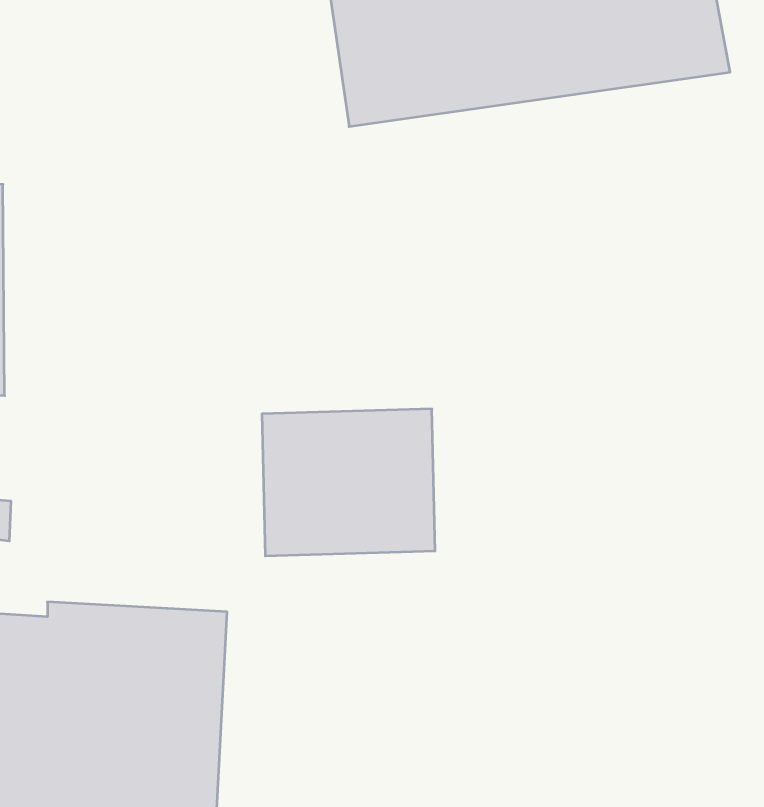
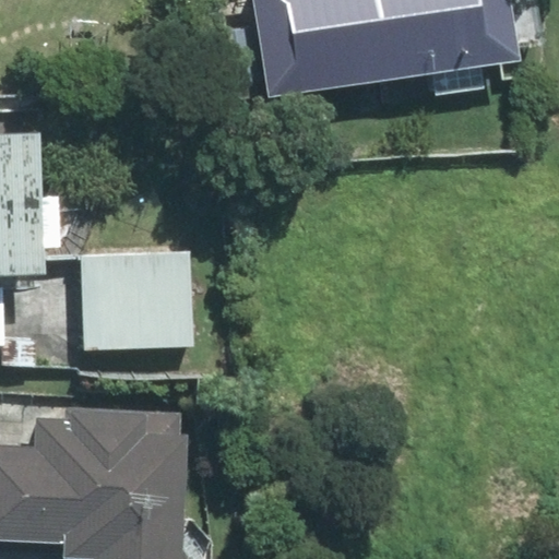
building: [262,409,435,556] -> [84,252,199,349]

